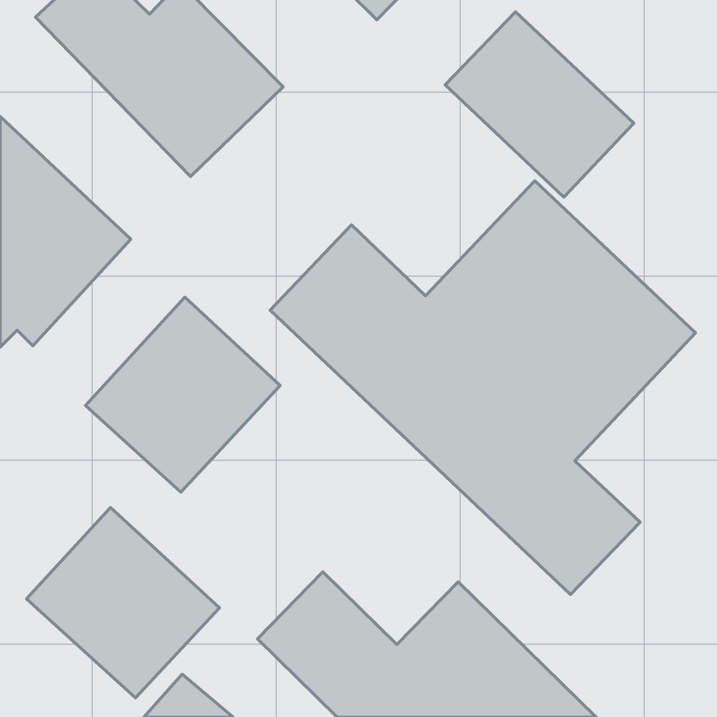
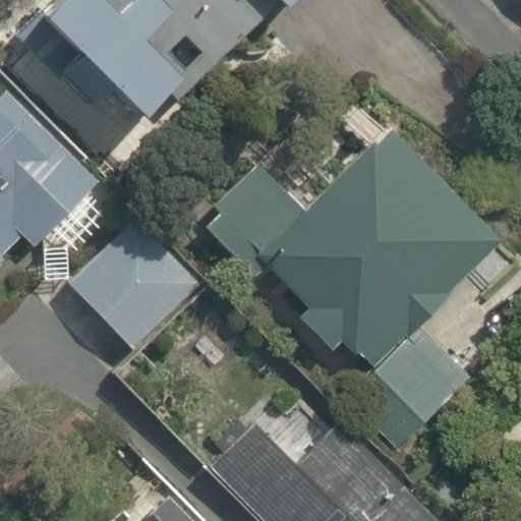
building: [445,12,634,197] -> none
building: [27,507,220,698] -> none

